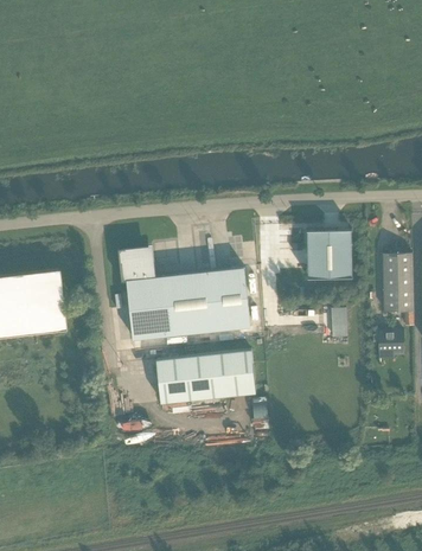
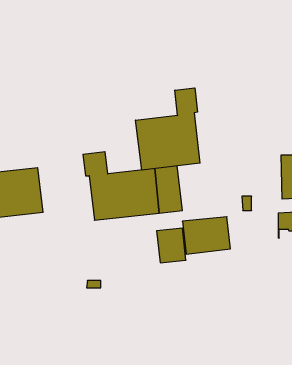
building: none -> [136,88,200,170]
building: [306,230,352,278] -> none
building: [156,354,220,404] -> [182,217,230,254]

